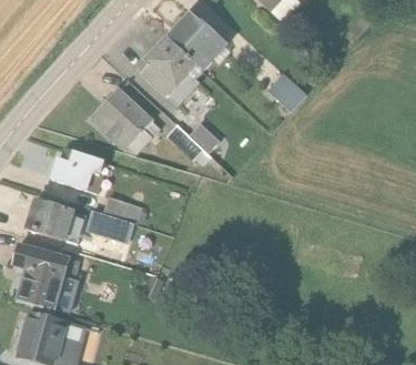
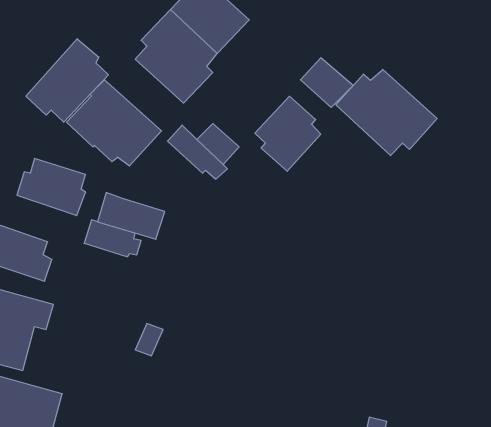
building: none -> [26,39,108,122]
building: none -> [336,69,437,156]
building: none -> [255,96,321,171]
building: [83,209,134,244] -> [97,193,165,239]

